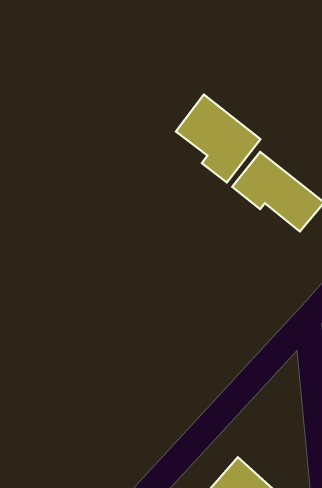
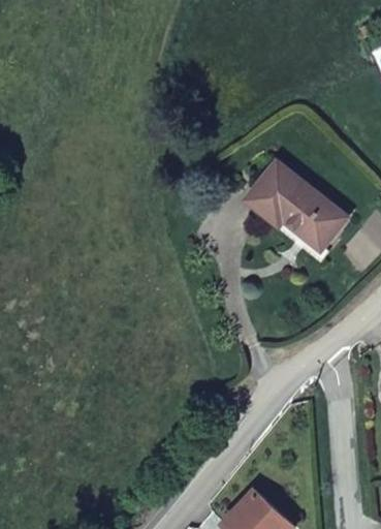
building: [176,94,261,183] -> none

